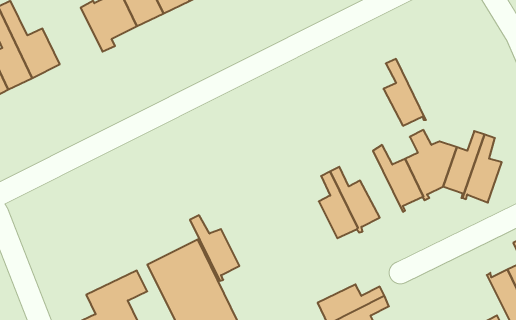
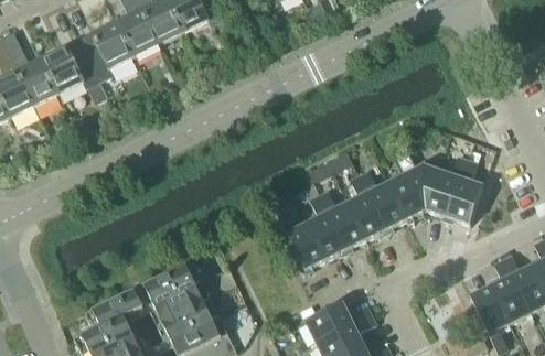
building: none -> [43,37,106,104]
building: [383,59,426,126] -> [348,174,388,238]
building: [190,215,239,281] -> [278,209,325,272]

